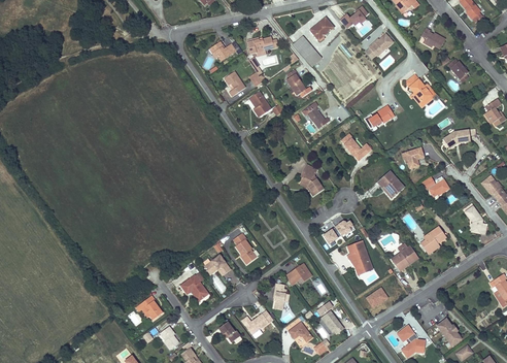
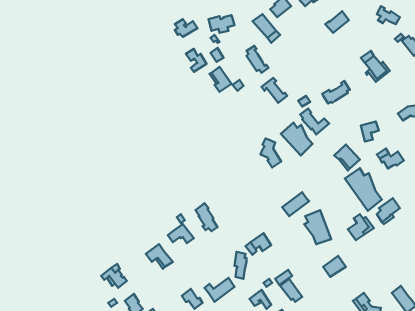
building: none -> [281,123,313,155]
building: none -> [345,168,382,211]

